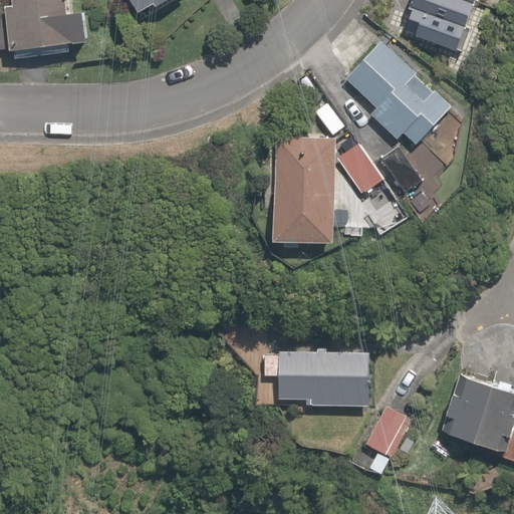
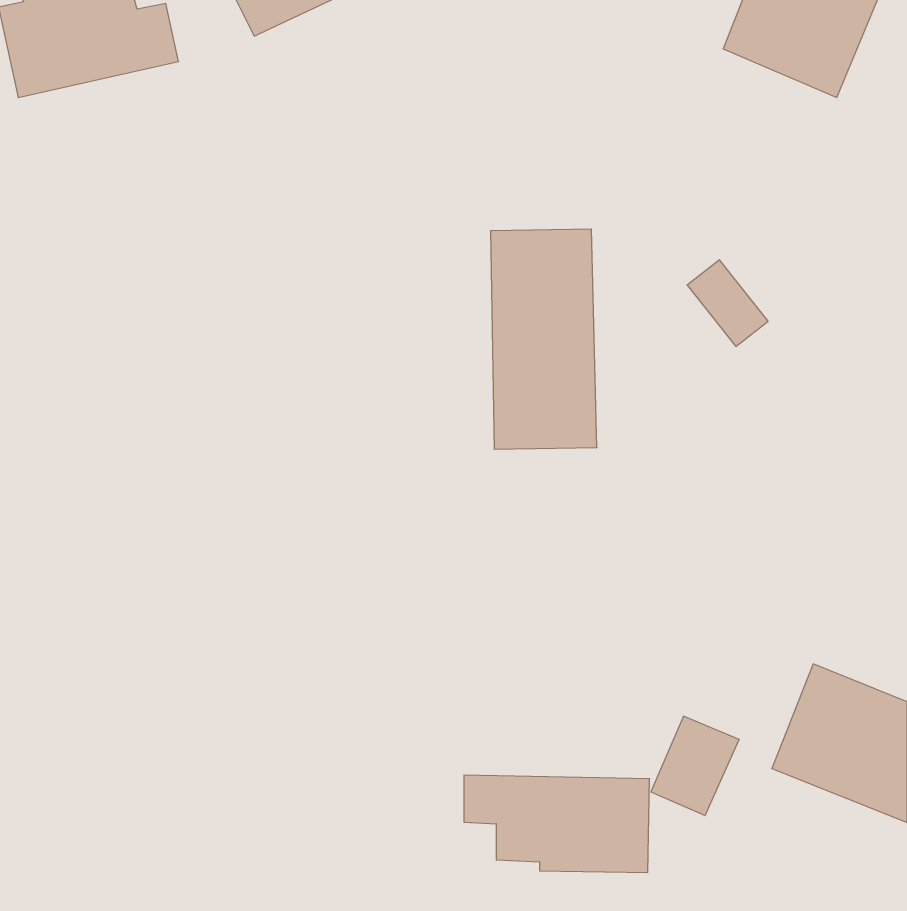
building: [342,35,452,144] -> none
building: [332,137,383,193] -> none
building: [266,352,369,407] -> [464,775,650,873]

